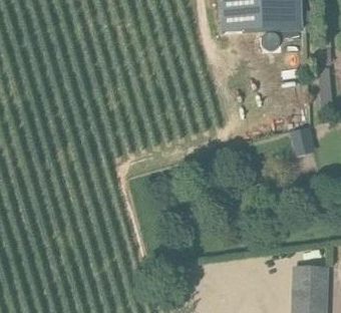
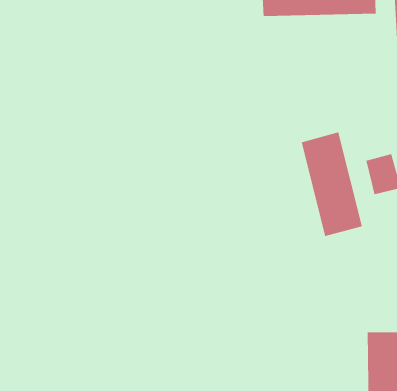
building: none -> [301,132,362,237]

